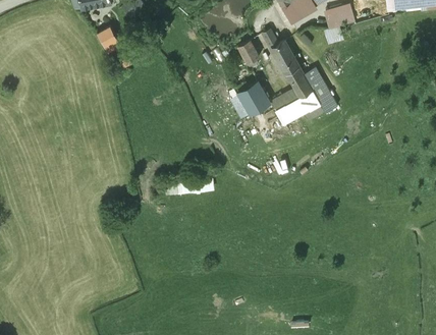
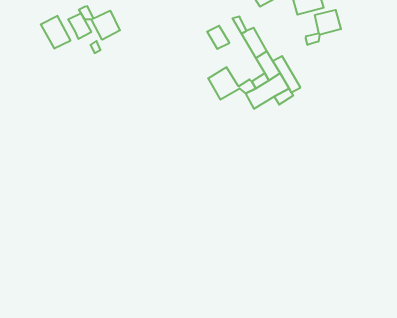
building: none -> [79,6,120,40]
building: none -> [306,10,341,45]
building: none -> [41,16,70,49]

